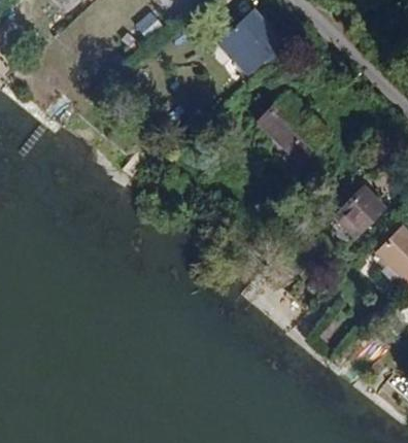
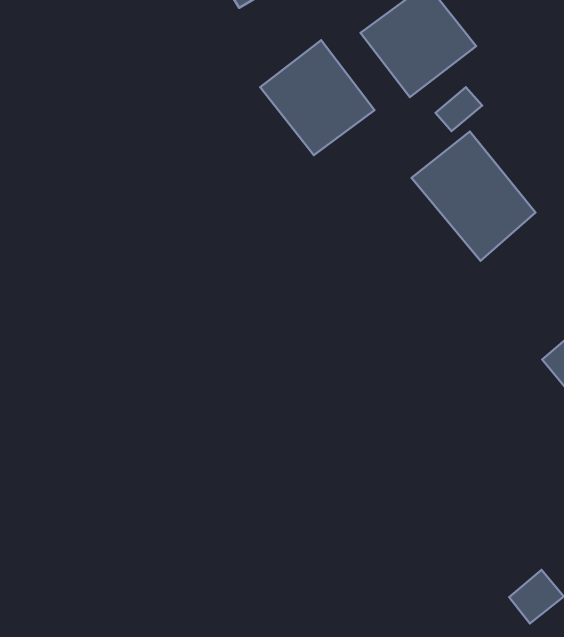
building: none -> [260,40,375,155]

